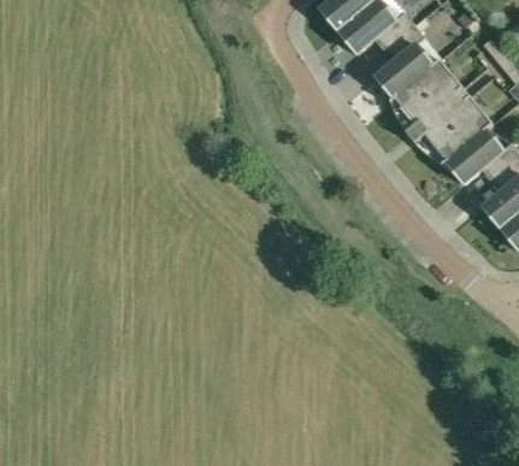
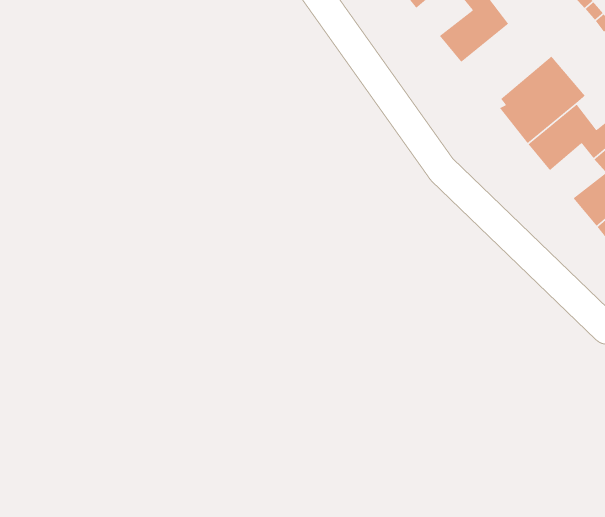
building: [393,58,465,125] -> none

